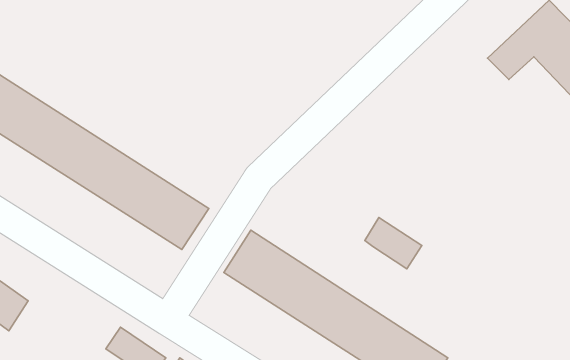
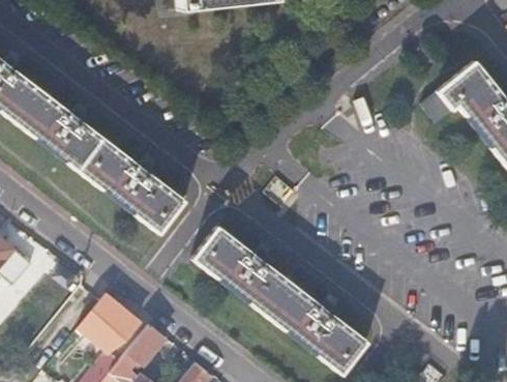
building: [365,218,422,269] -> none

